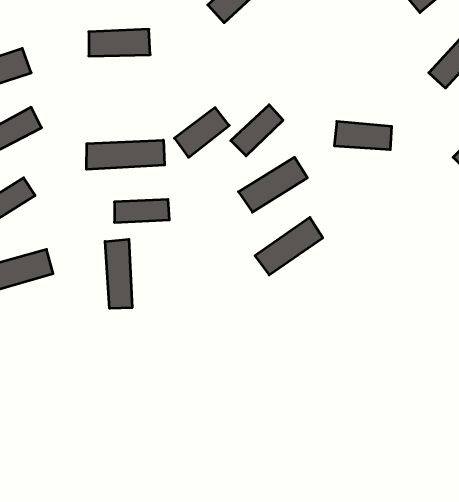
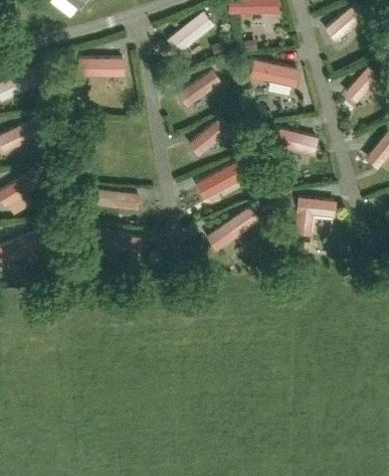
building: none -> [249,62,300,85]
building: [174,108,229,157] -> [179,69,222,109]
building: [87,140,165,169] -> none
building: none -> [289,200,329,236]
building: [105,239,132,308] -> none

